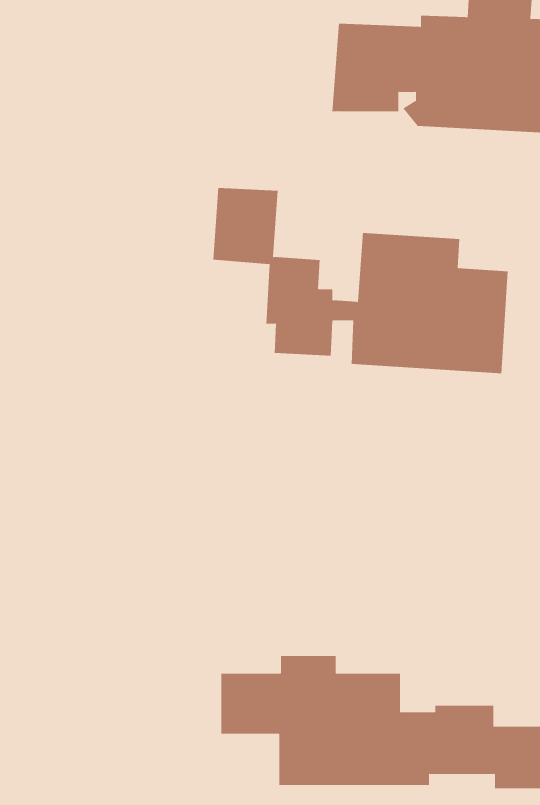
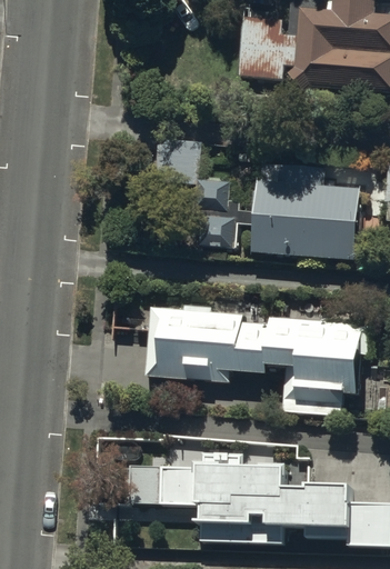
building: none -> [146,305,369,415]

